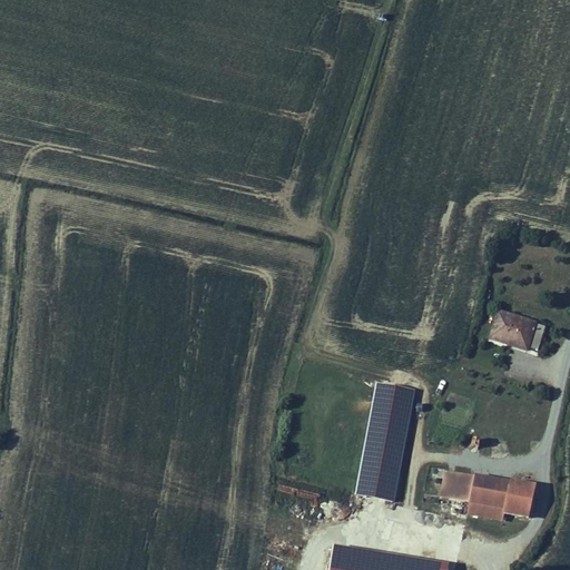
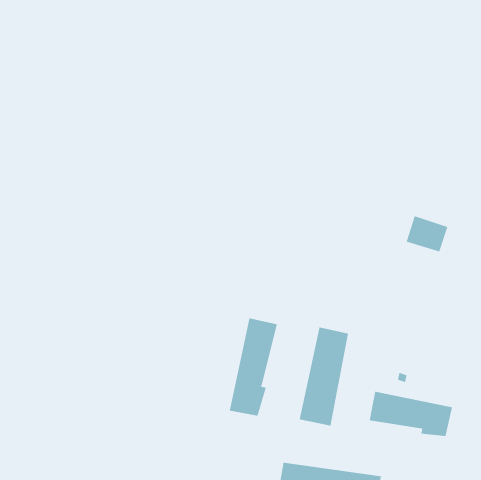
building: [487,309,537,353] -> [406,215,448,252]
building: none -> [229,318,277,417]

